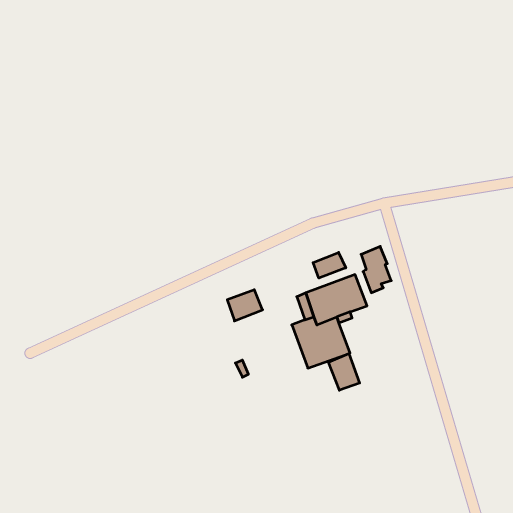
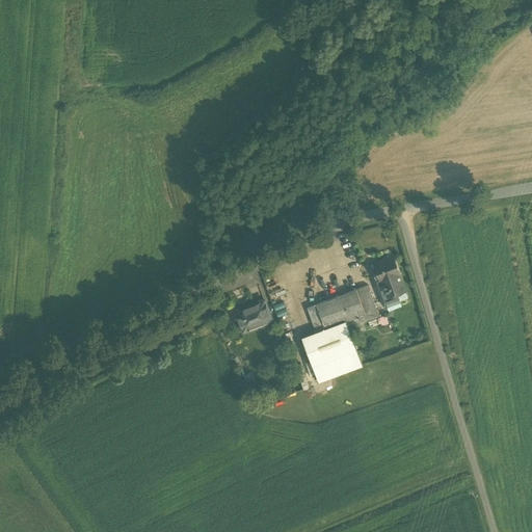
building: [313,252,346,278] -> none
building: [329,353,360,390] -> none

